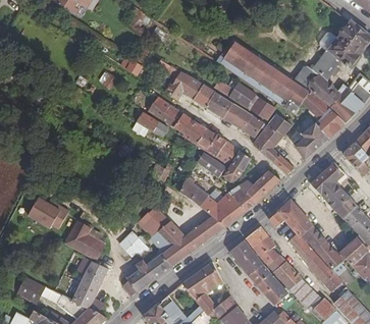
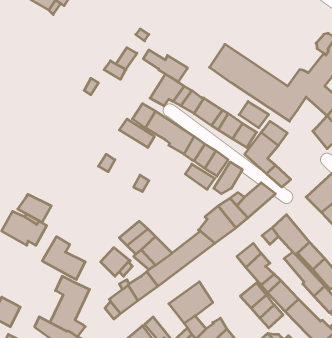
building: [215,77,256,107] -> [143,50,187,82]
building: [302,91,329,119] -> none
building: [295,122,329,159] -> none
building: [179,178,218,214] -> none
building: none -> [18,194,51,223]
building: [229,239,264,275] -> none

